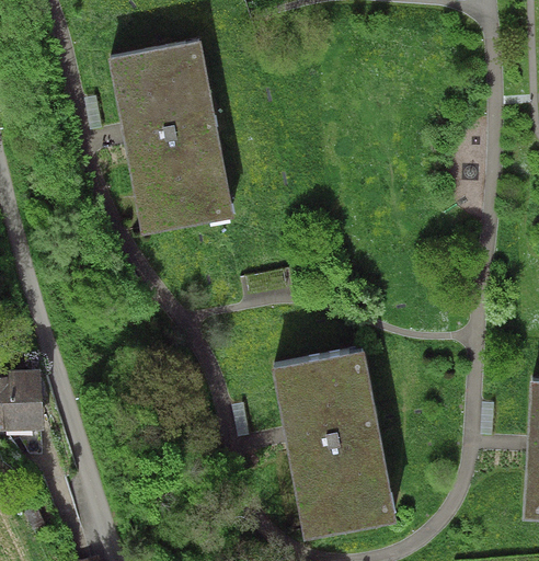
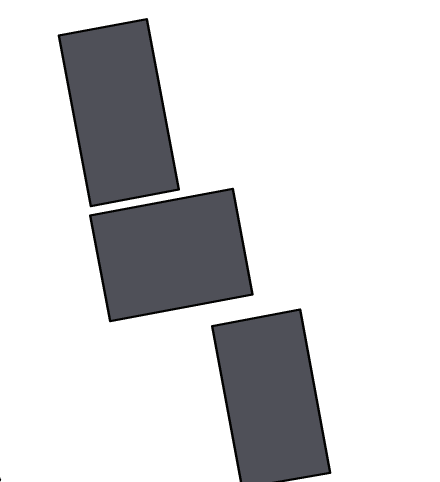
building: none -> [90,189,253,321]

